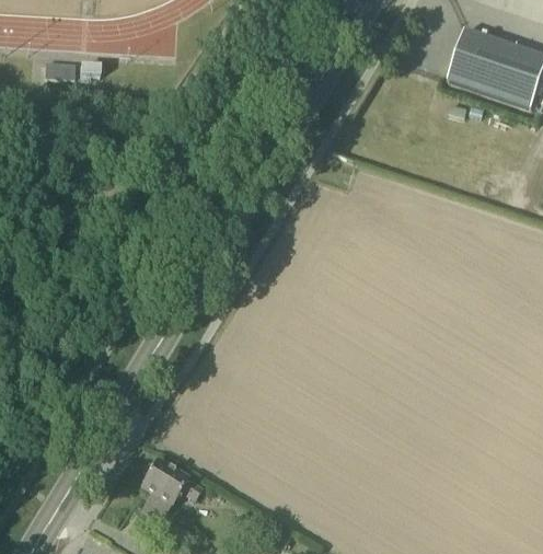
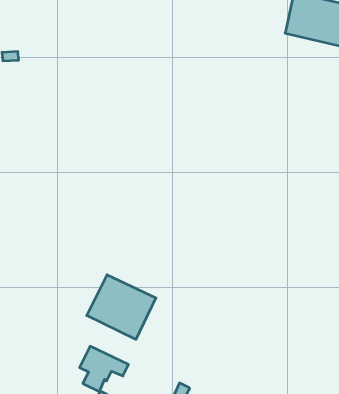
building: none -> [87,275,156,339]

